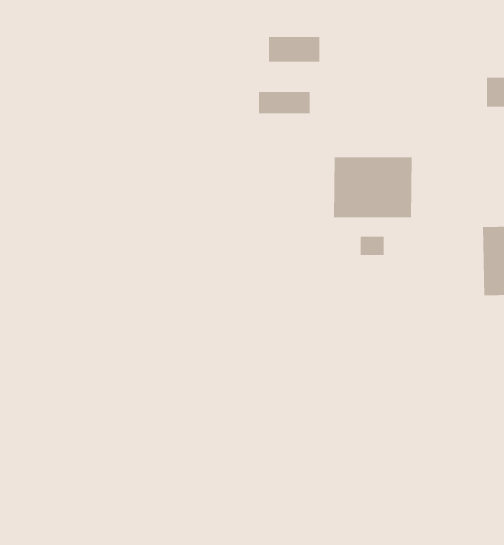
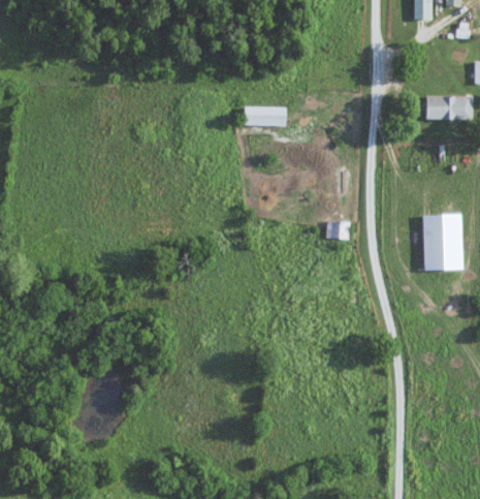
building: [268,36,320,63] -> none
building: [334,156,412,218] -> none

